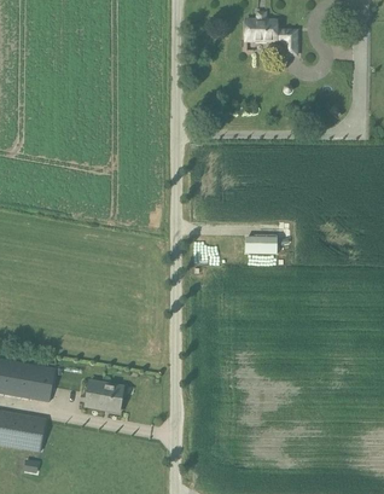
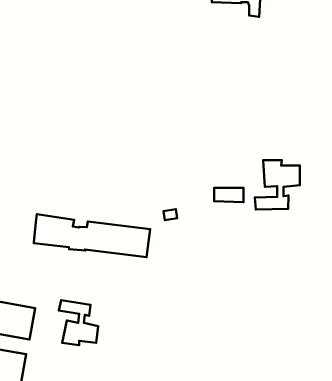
building: none -> [255,160,300,209]
building: none -> [34,214,150,257]

